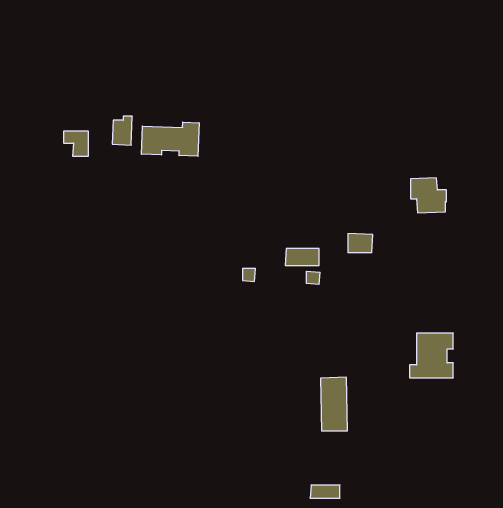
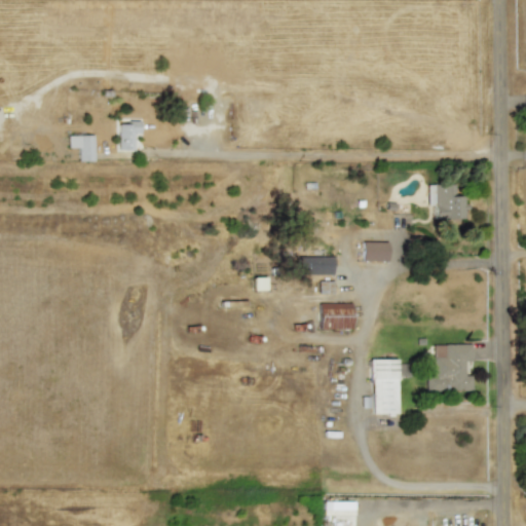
building: [141,122,199,156] -> none
building: none -> [322,303,354,330]
building: [321,377,347,431] -> [373,359,401,414]

